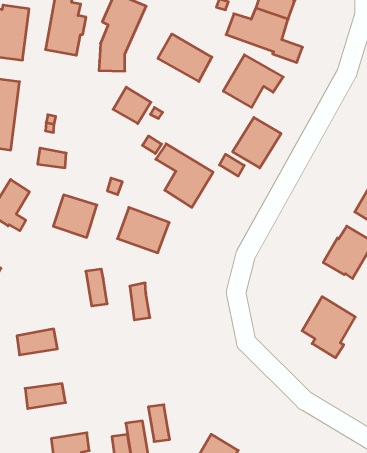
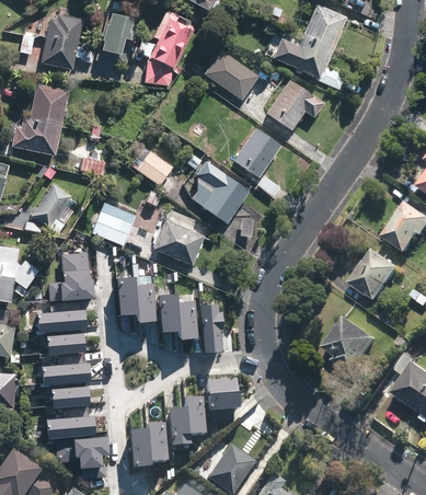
building: [113,87,151,124] -> [135,150,172,186]
building: [233,117,281,168] -> [231,128,279,177]
building: none -> [60,252,94,299]
building: none -> [135,285,154,321]
building: none -> [175,301,195,338]
building: none -> [200,303,223,353]
building: none -> [37,309,87,332]
building: none -> [42,361,91,384]
building: none -> [207,381,240,414]
building: none -> [185,401,204,437]
building: none -> [46,414,95,438]

